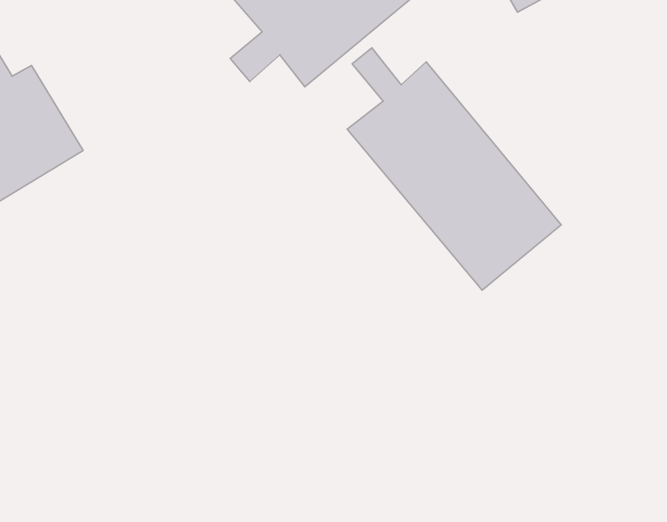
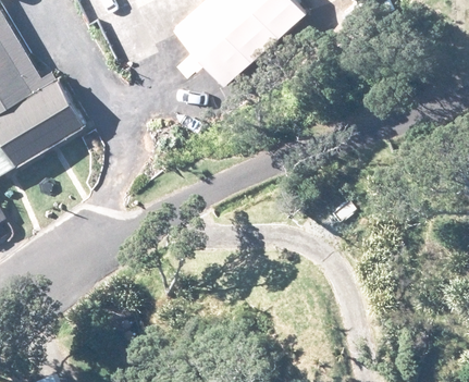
building: [347,48,561,290] -> none

